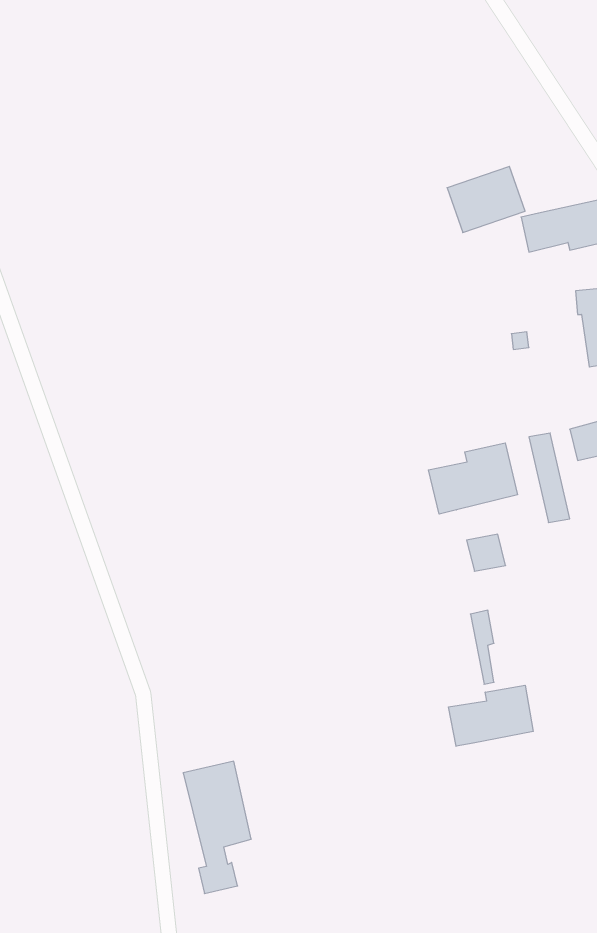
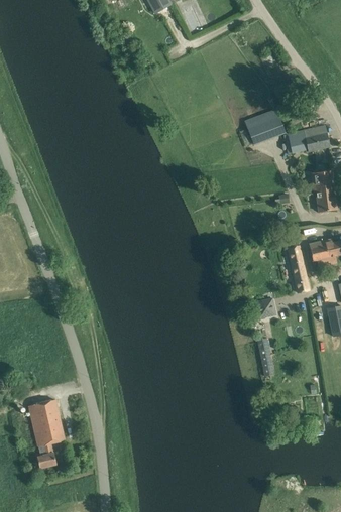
building: [428,443,517,514] -> none
building: [449,685,533,746] -> none
building: [183,761,251,894] -> [28,399,64,468]

